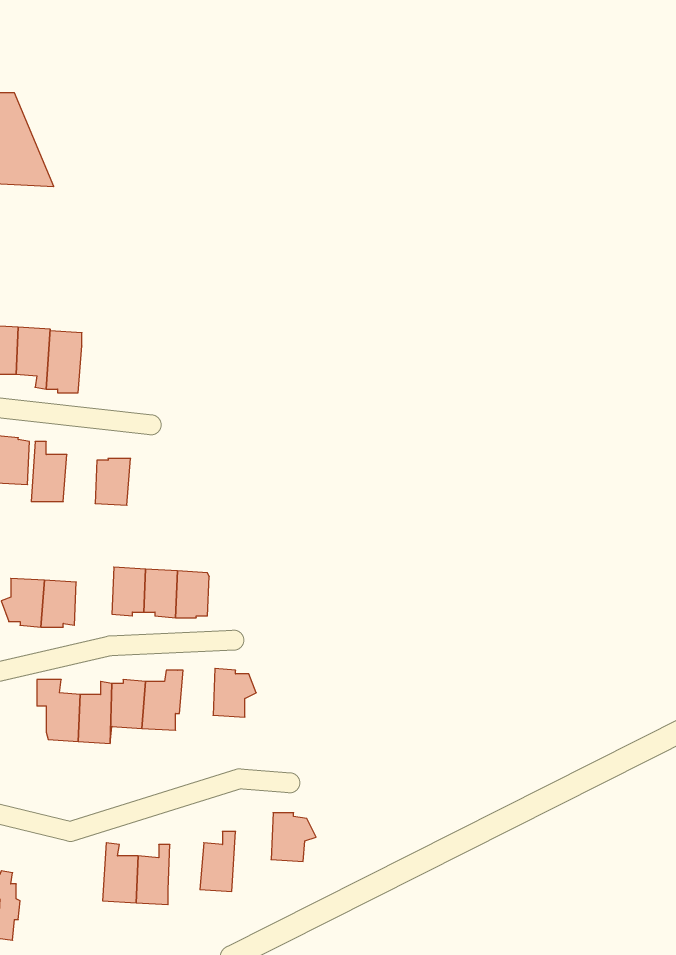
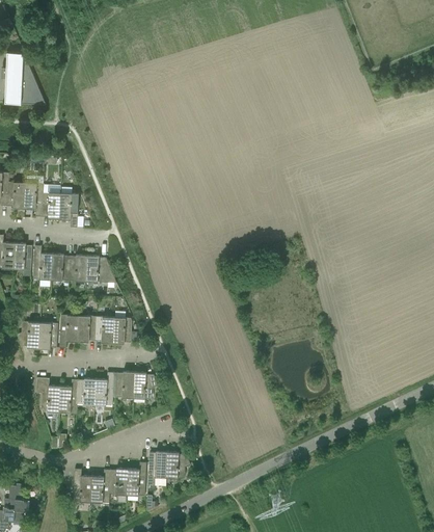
building: none -> [58,193,78,228]
building: none -> [50,254,69,281]
building: none -> [85,256,115,284]
building: none -> [58,315,78,348]
building: none -> [114,372,134,398]
building: none -> [146,451,166,486]
building: none -> [108,469,128,495]

